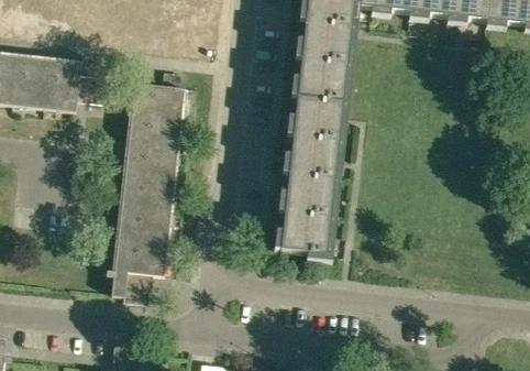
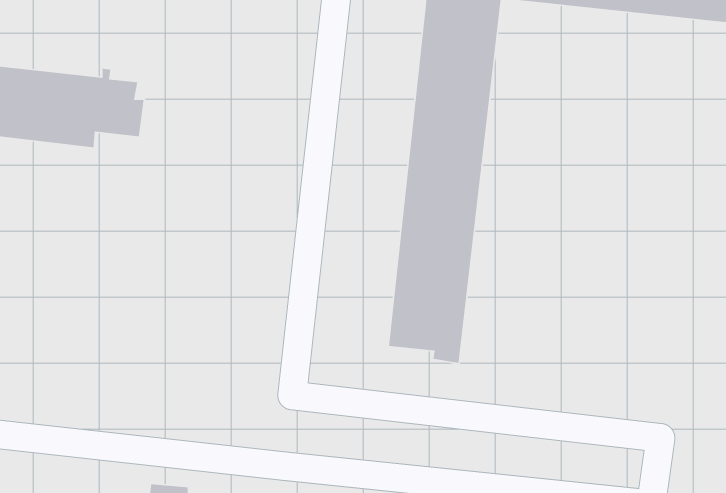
building: [104,74,185,306] -> none

